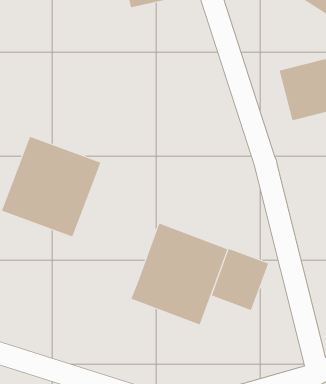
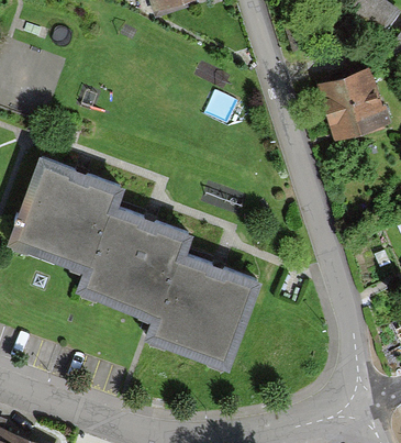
building: none -> [86,202,193,314]
building: [211,248,269,311] -> none

